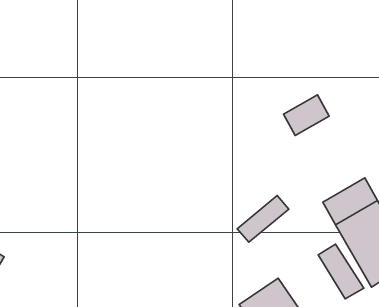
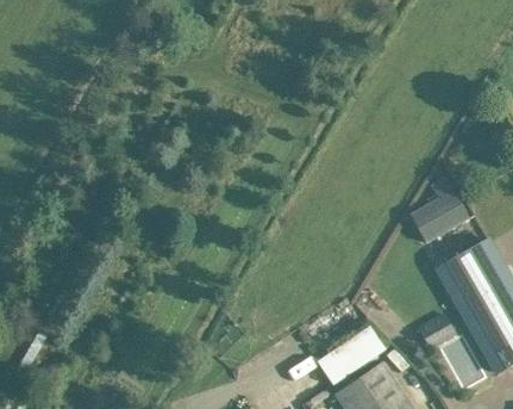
building: [284,95,329,136] -> [411,193,467,243]
building: [237,196,289,242] -> [323,327,386,384]

